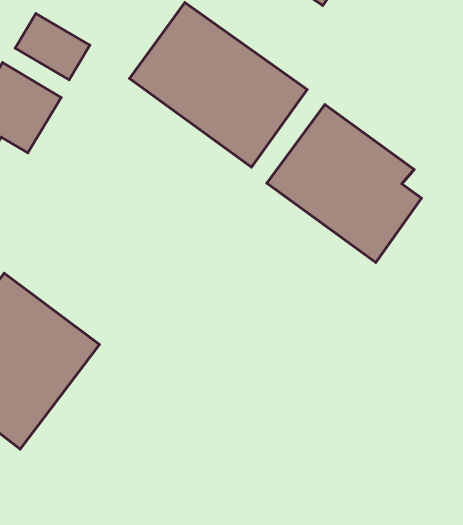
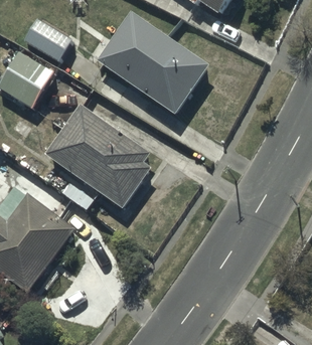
building: [267,105,422,262] -> none
building: none -> [43,105,150,208]

